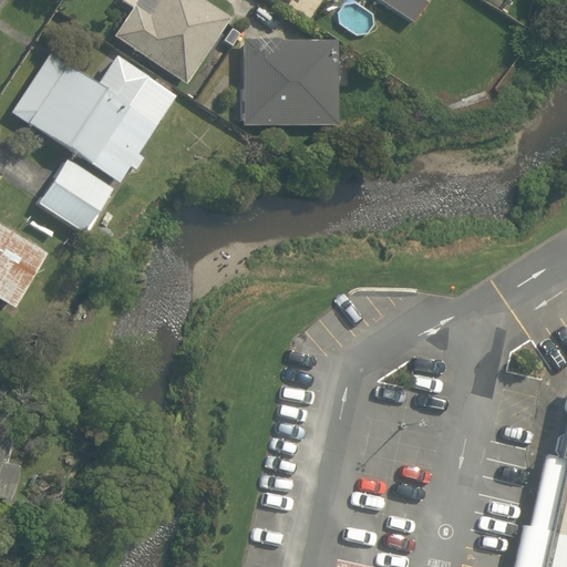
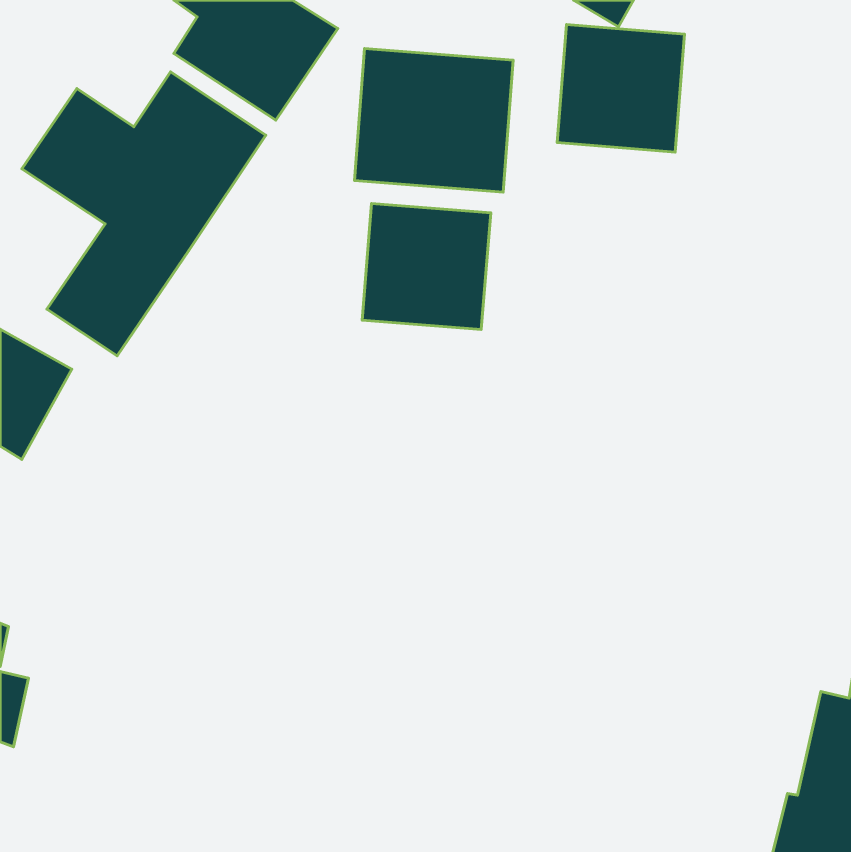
building: none -> [557,25,684,152]
building: none -> [362,203,491,329]

